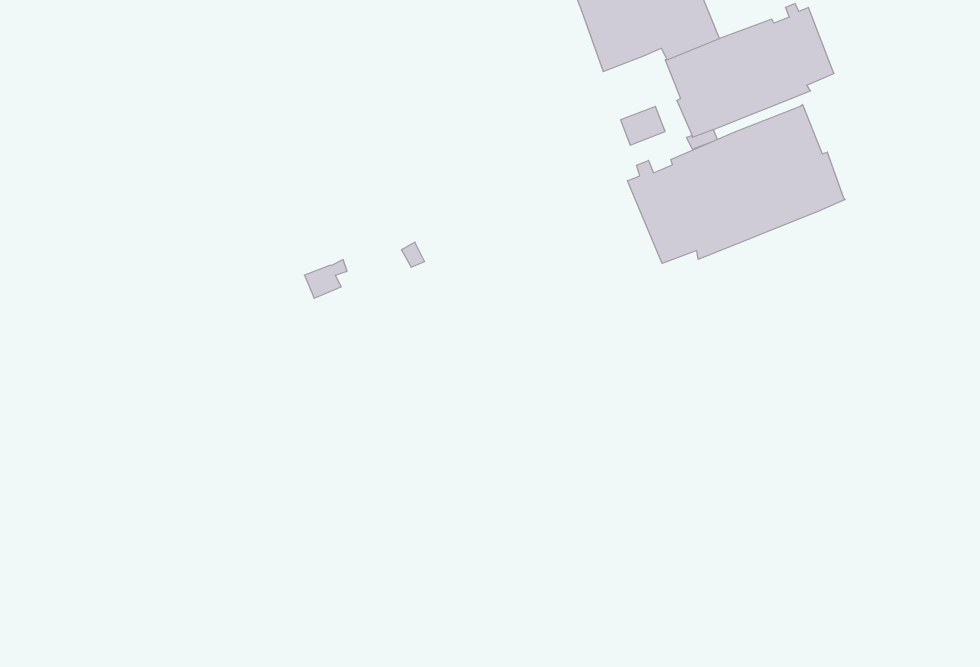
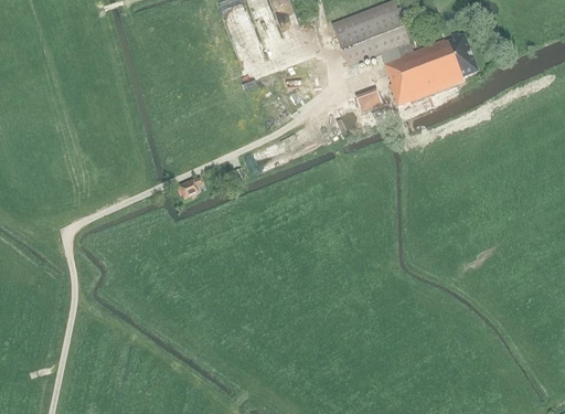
building: [628,104,845,263] -> none

